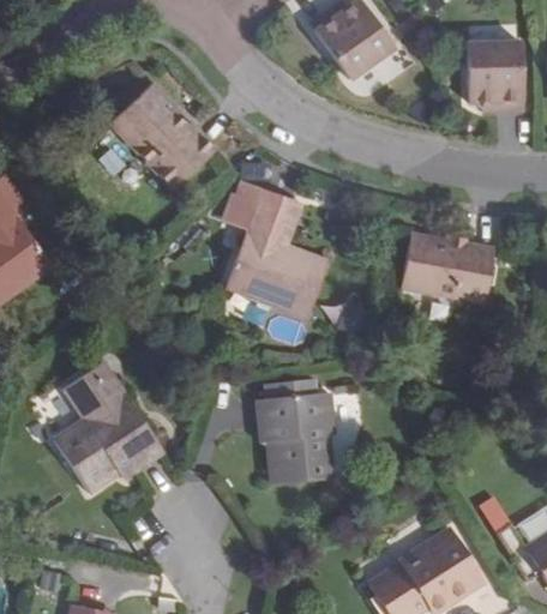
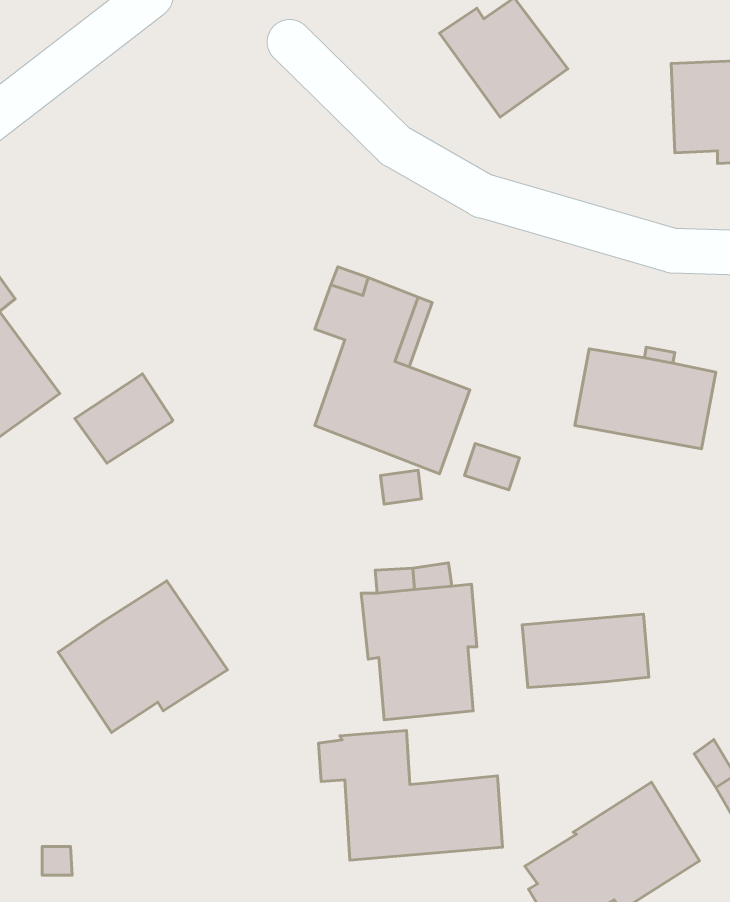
building: [108,82,216,189] -> none
building: [60,359,126,419] -> [75,374,173,463]
building: none -> [522,614,649,688]
building: none -> [318,731,502,860]

